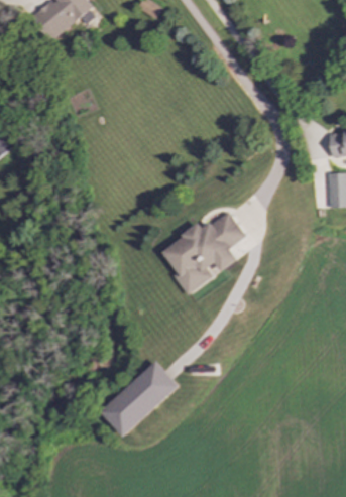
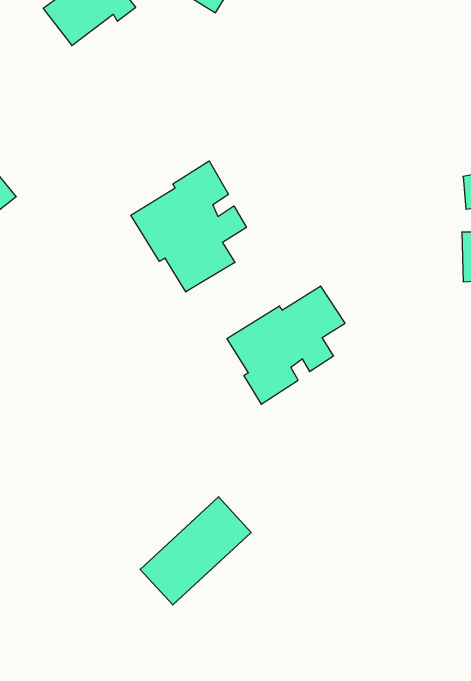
building: none -> [131,161,246,292]

